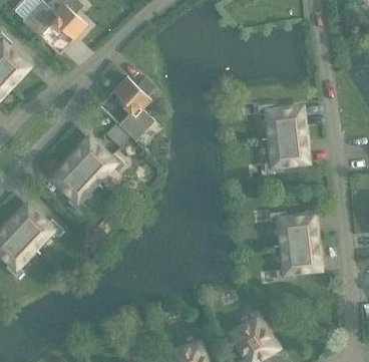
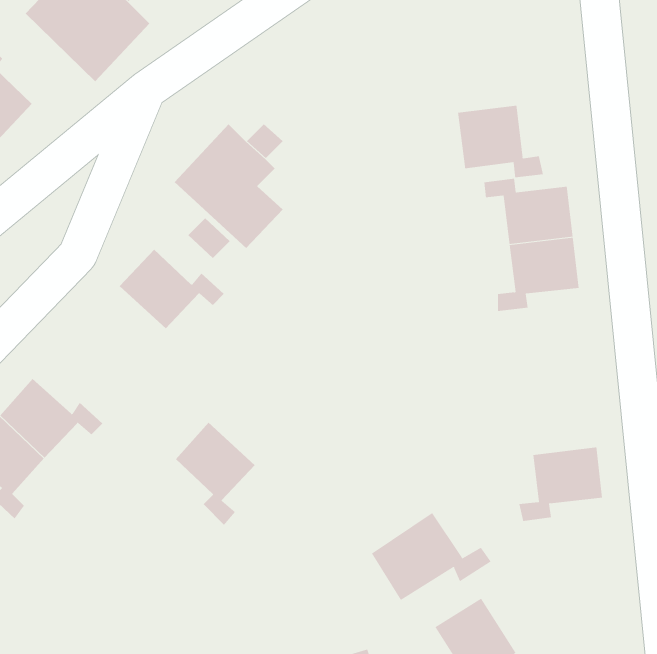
building: none -> [457,105,543,178]
building: [50,157,91,211] -> [175,422,256,526]
building: [266,210,312,244] -> none
building: none -> [371,512,492,601]

